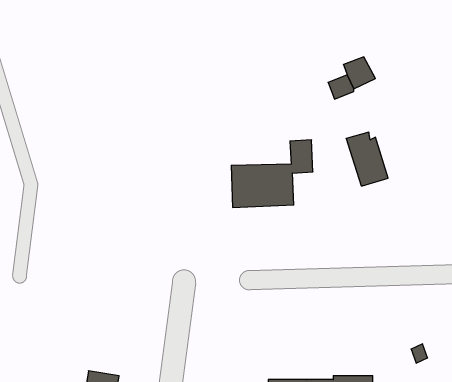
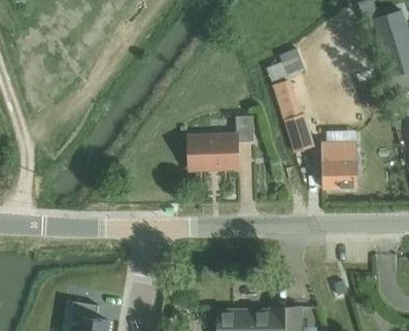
building: none -> [272,78,300,114]
building: none -> [323,142,357,189]

